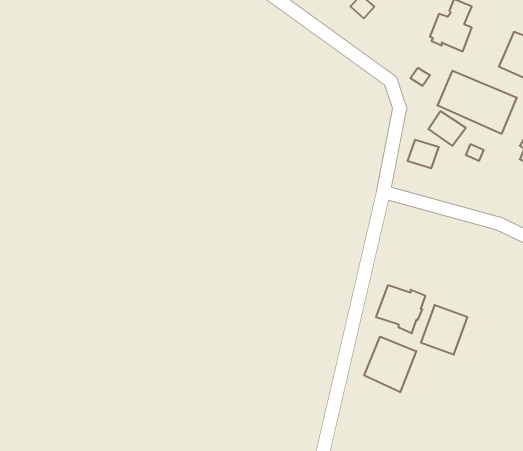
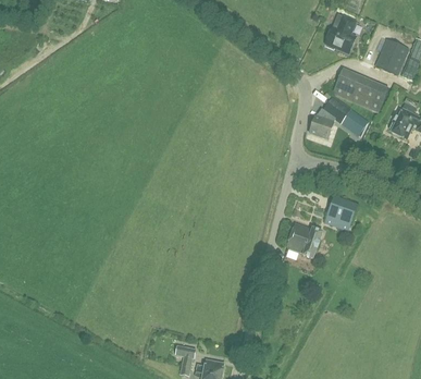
building: [421,305,467,355] -> [323,194,357,230]
building: [364,337,416,392] -> none

